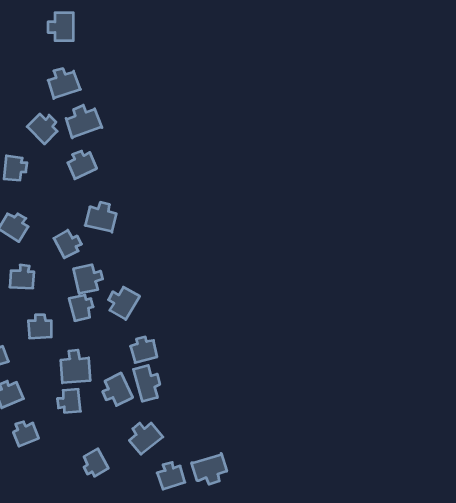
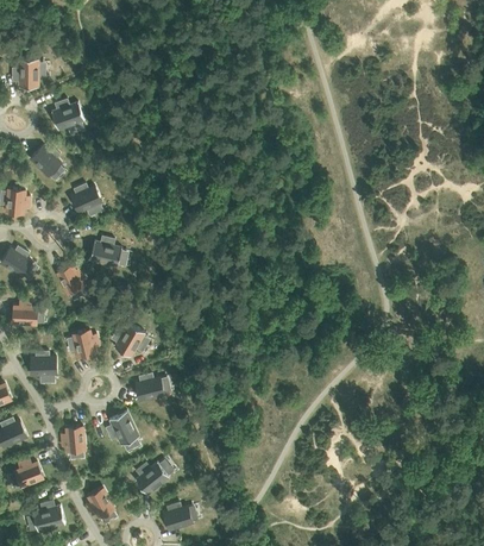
building: [48,13,73,41] -> [12,58,38,87]
building: [66,105,102,138] -> none
building: [74,265,103,294] -> none
building: [61,350,90,383] -> none
building: [133,365,160,401] -> none
building: [192,453,227,484] -> none
building: none -> [32,501,64,531]

